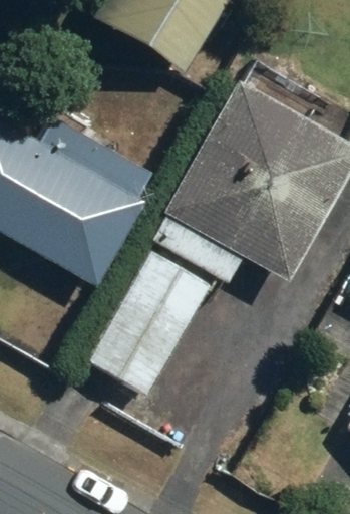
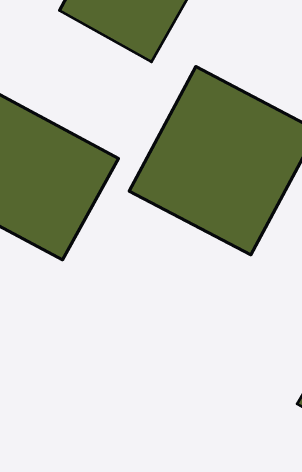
building: [92,249,212,391] -> none

